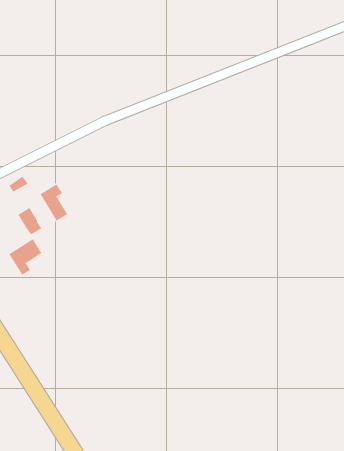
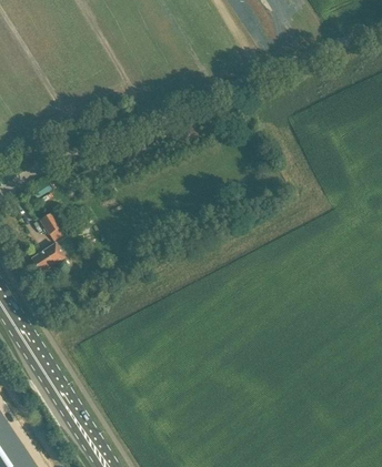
building: [40,184,68,222] -> none

